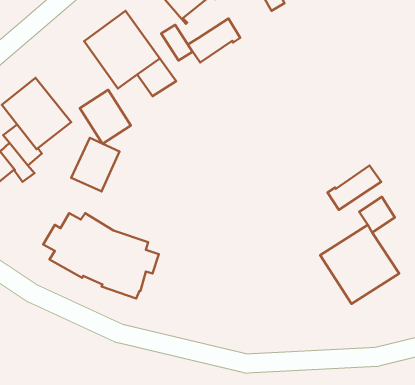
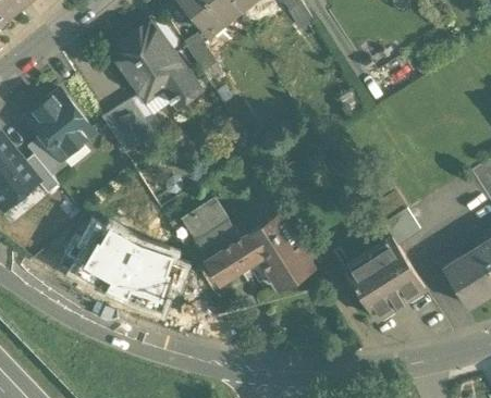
building: [188,19,240,62] -> none
building: [71,138,119,192] -> none
building: [328,165,381,210] -> none
building: none -> [185,198,310,283]

